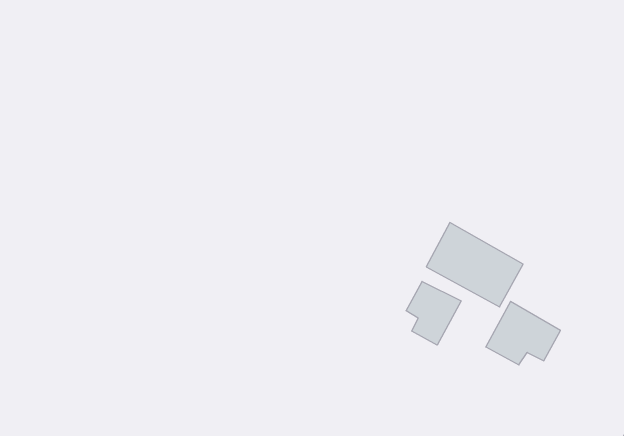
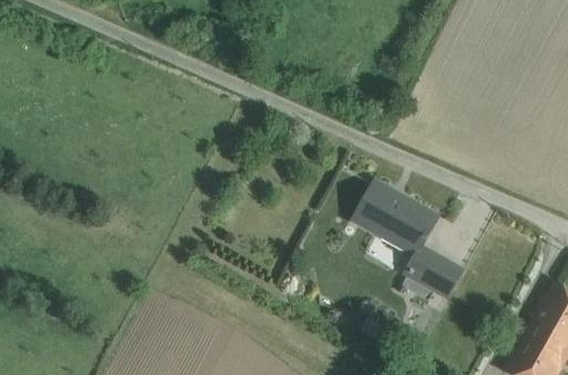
building: [406,281,461,345] -> none

